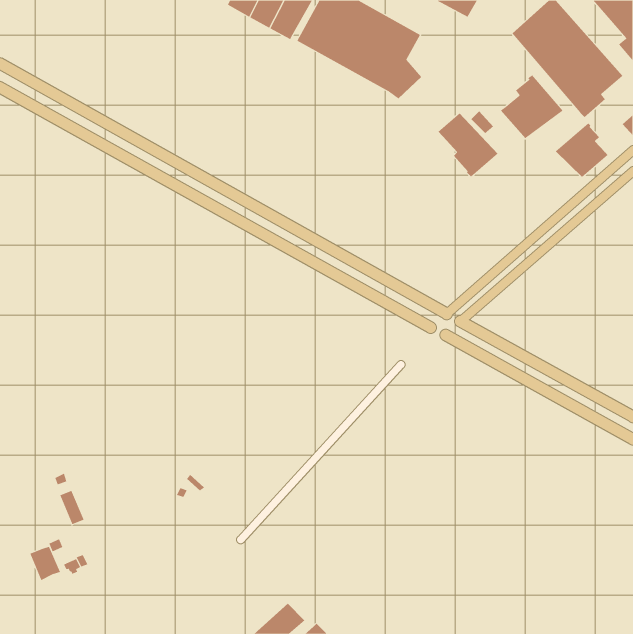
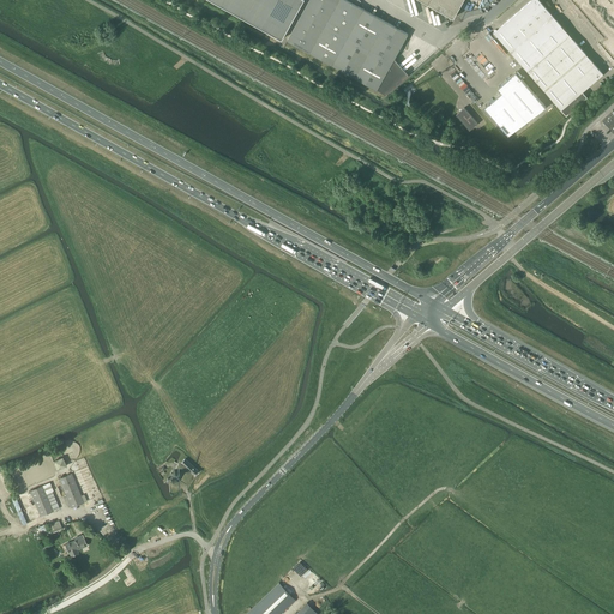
building: [437,113,498,178] -> none
building: [555,123,609,178] -> none
building: [30,546,61,581] -> [29,483,59,517]

